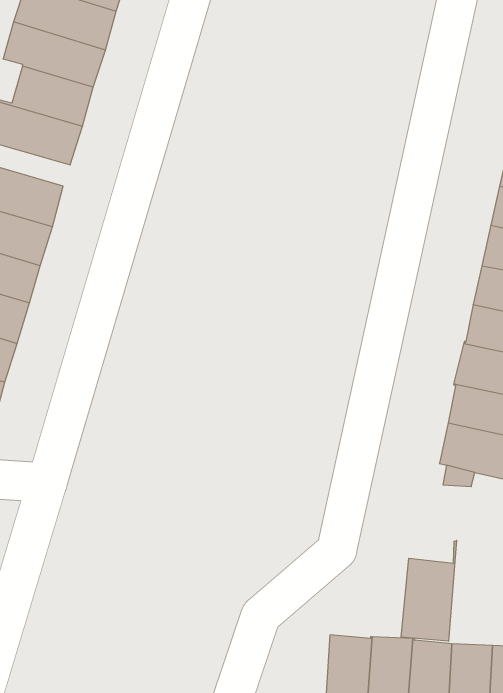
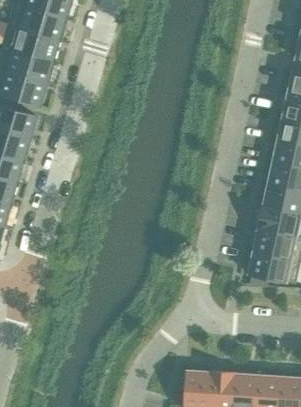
building: [401,540,457,641] -> none

